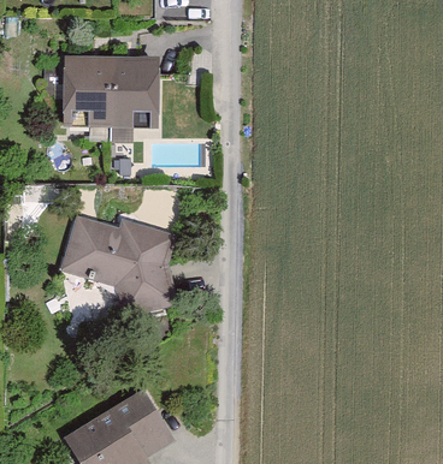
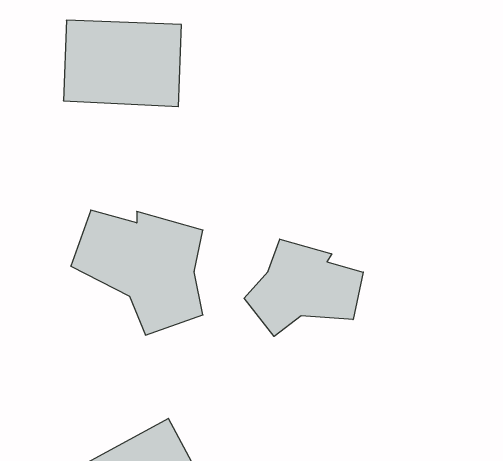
building: none -> [244,239,363,336]

